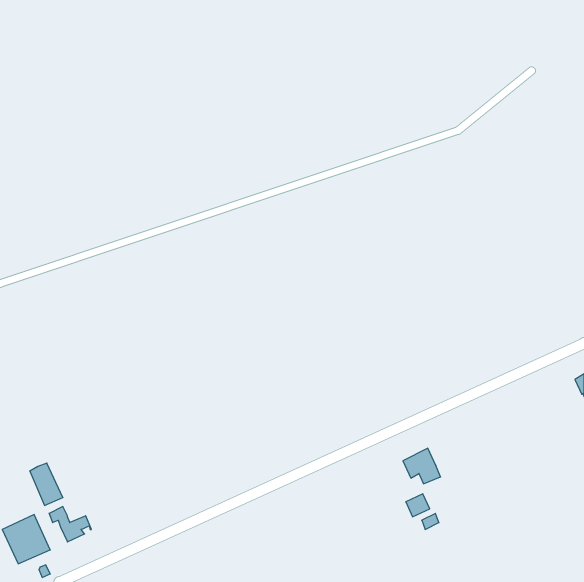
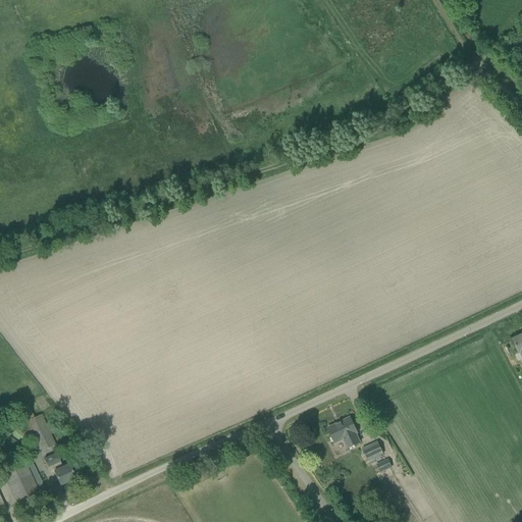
building: [403,448,441,484] -> [327,416,361,448]

